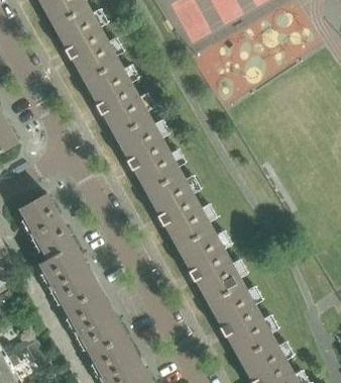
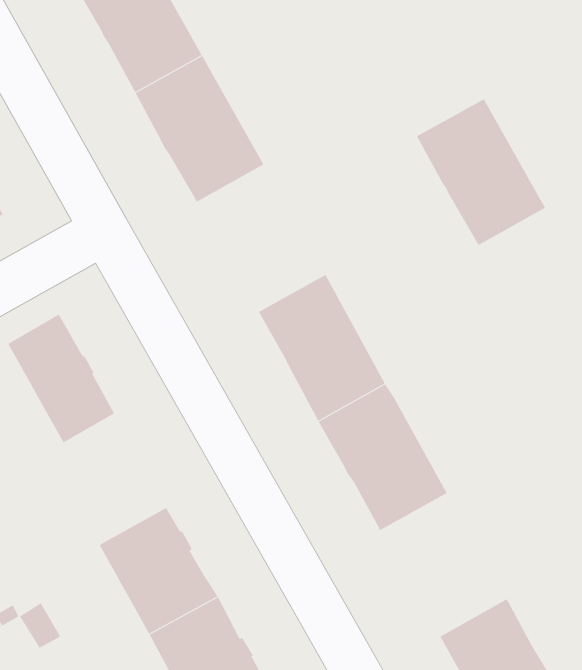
building: [115,117,181,192] -> [416,98,546,246]
building: [39,244,100,310] -> none
building: [208,284,272,357] -> none

